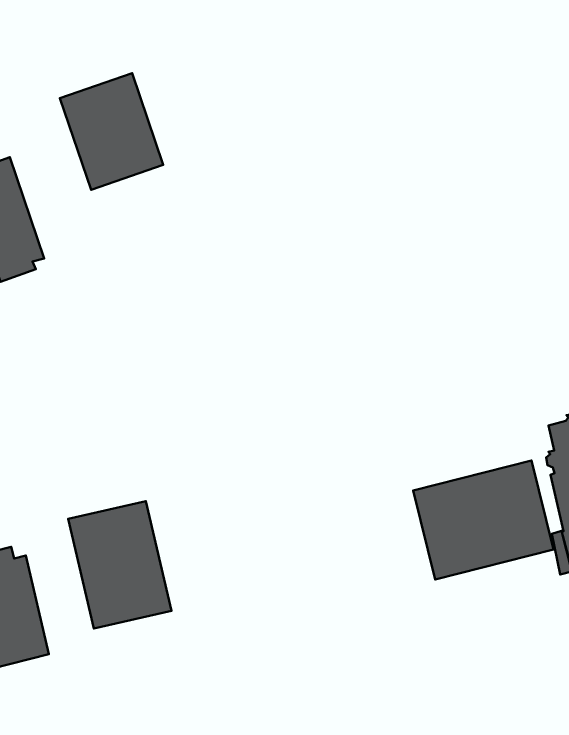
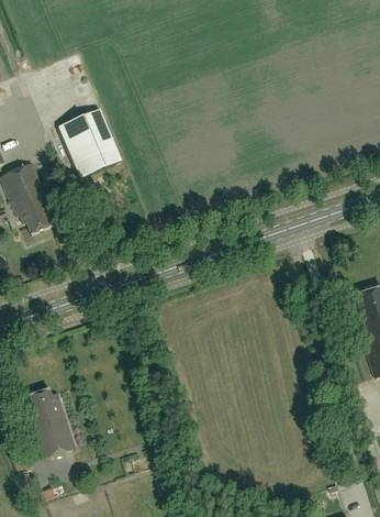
building: [413,460,554,579] -> none
building: [68,501,172,628] -> none

